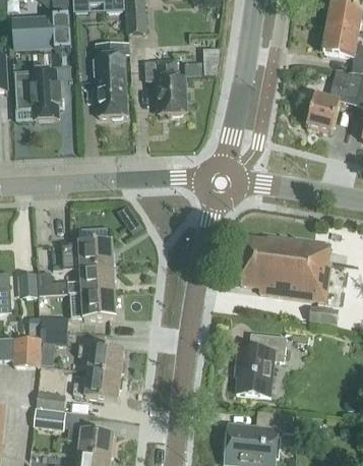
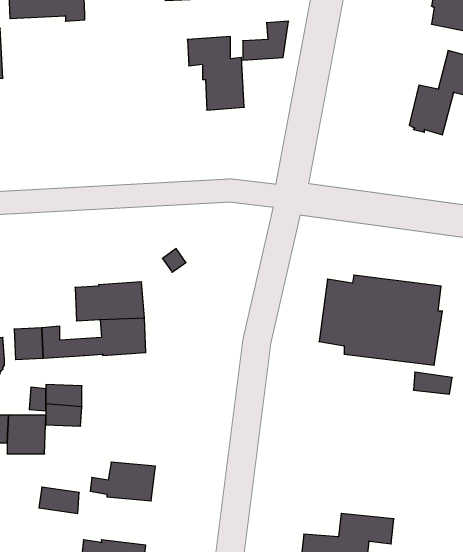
building: [96,55,127,117] -> none
building: [14,69,62,119] -> none
building: [69,291,116,318] -> none
building: [234,333,287,395] -> none
building: [77,345,124,374] -> none
building: [34,406,65,427] -> none

